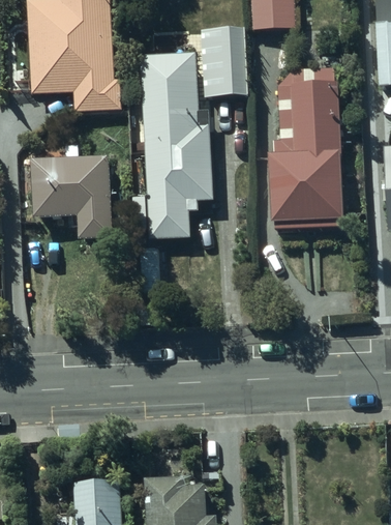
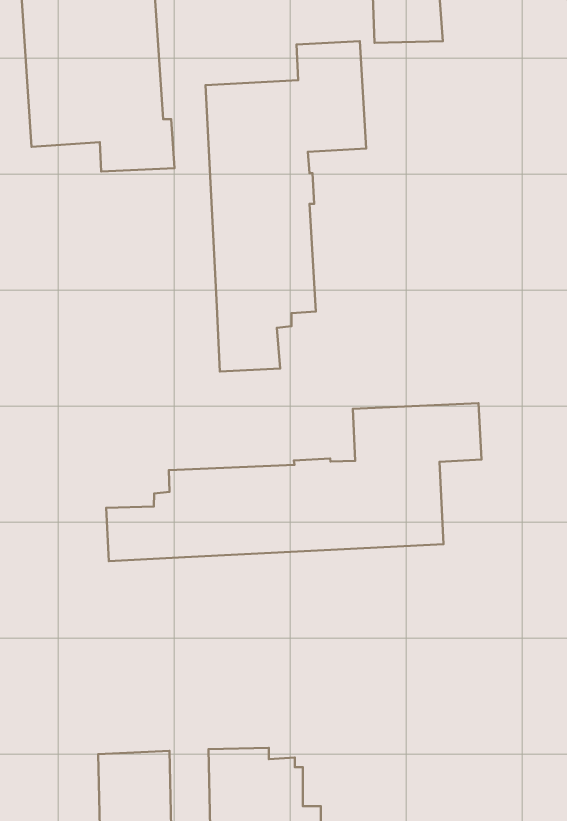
building: [269,69,341,229] -> none
building: [34,146,114,239] -> none
building: none -> [106,403,481,561]

